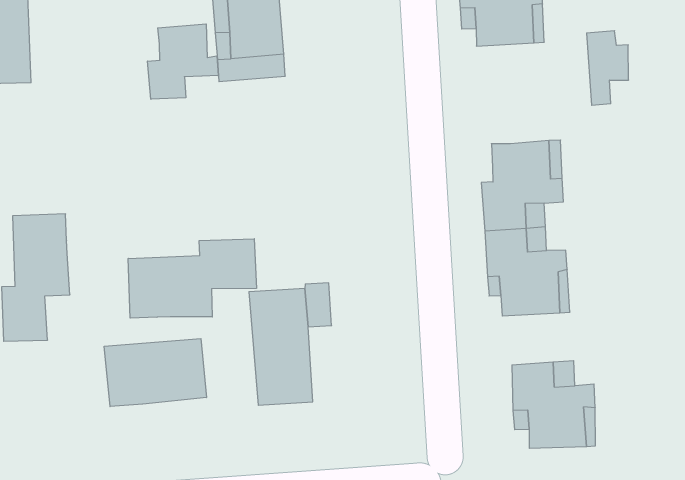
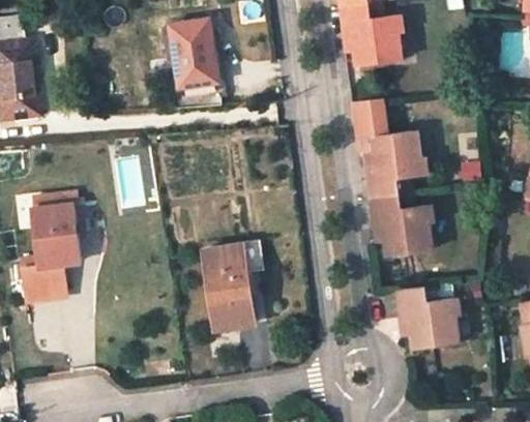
building: [148,24,218,99] -> none
building: [587,31,629,105] -> [350,98,382,152]
building: [128,239,256,318] -> none
building: [104,339,206,407] -> none

